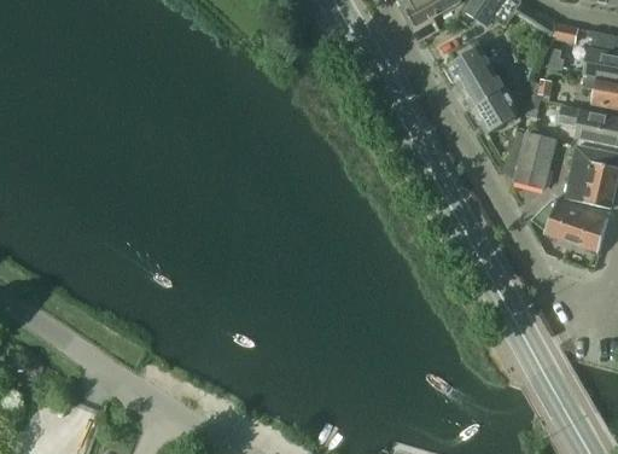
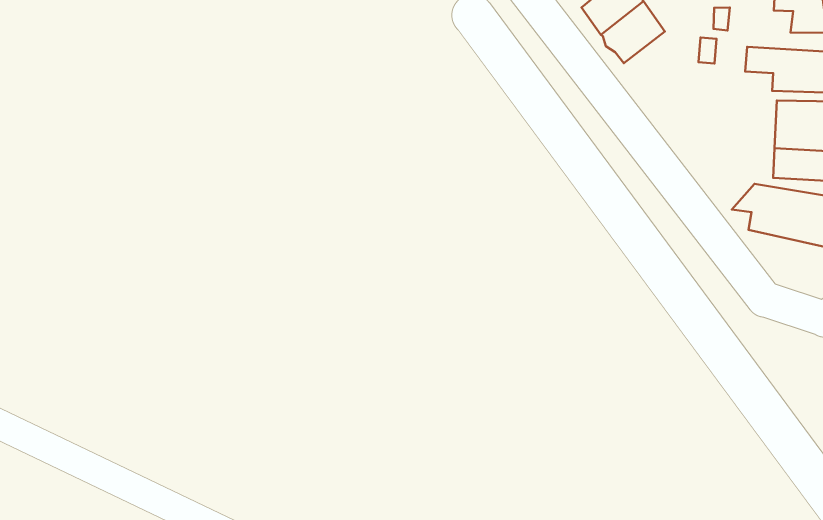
building: [473,87,518,130] -> none
building: [514,134,554,190] -> none

